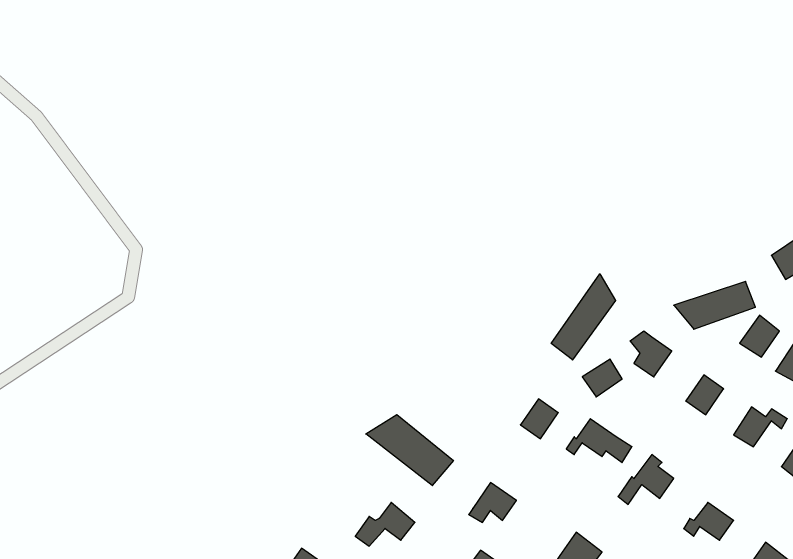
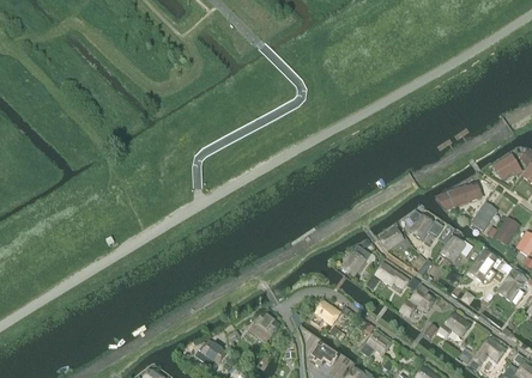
building: [551,274,616,360] -> none
building: [366,415,453,486] -> none

